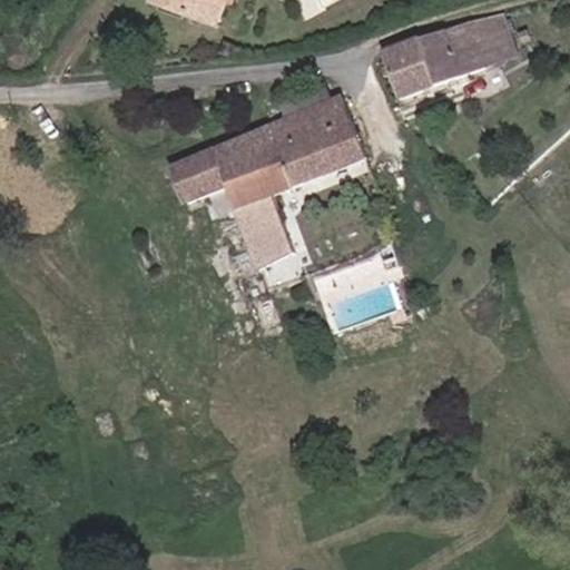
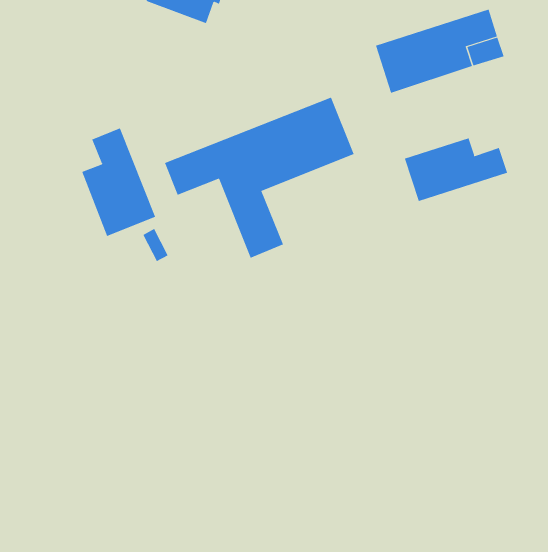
building: none -> [81,127,156,237]
building: none -> [404,138,508,202]

